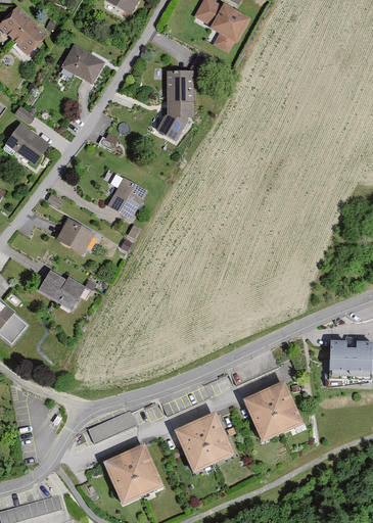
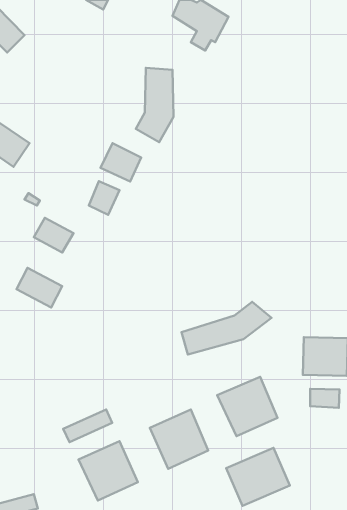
building: [64,49,102,83] -> none
building: none -> [101,143,141,181]
building: none -> [181,302,271,355]
building: none -> [310,389,340,408]
building: none -> [226,448,290,506]

